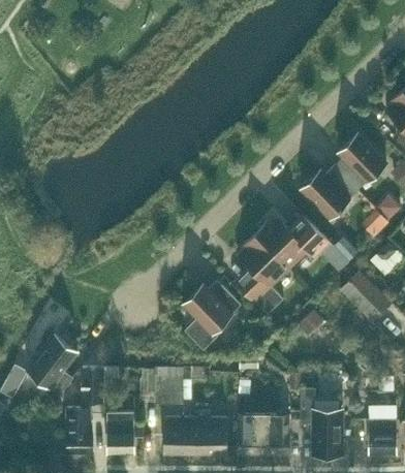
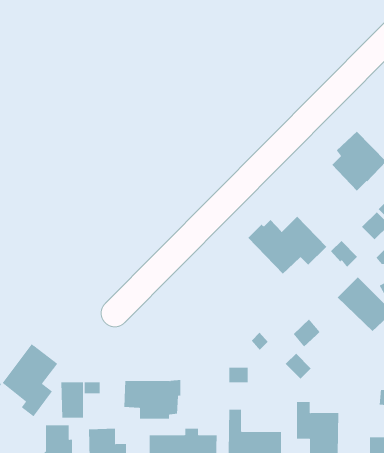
building: [301,166,357,219] -> none
building: [238,234,288,314] -> none
building: [184,281,241,350] -> none

